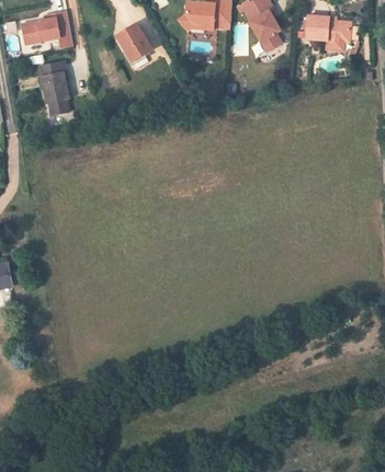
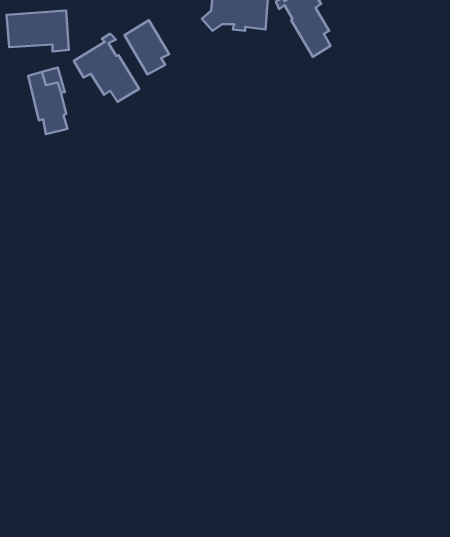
building: [306,14,351,41] -> none
building: none -> [74,34,139,102]

